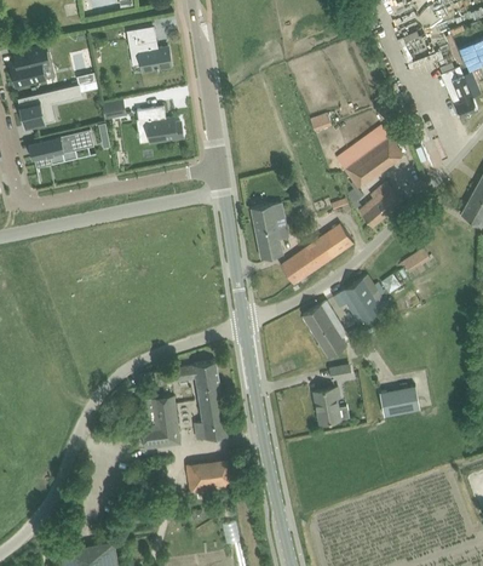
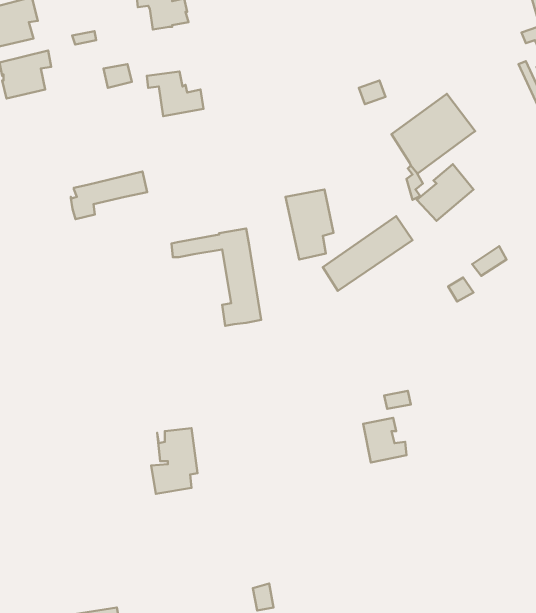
building: [31,130,93,168] -> [71,171,147,219]
building: [332,275,385,324] -> none
building: [301,303,346,356] -> none
building: [154,361,226,440] -> [171,229,261,326]
building: [379,387,419,417] -> none
building: [185,458,235,494] -> none

